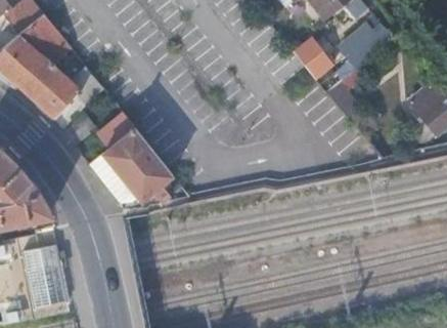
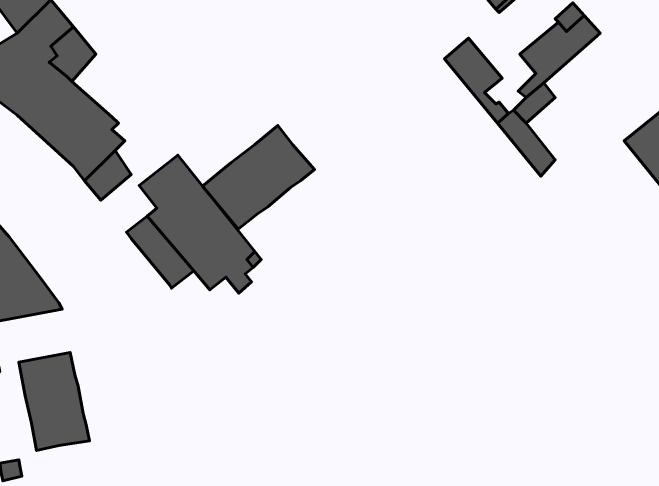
building: none -> [203,125,315,229]

